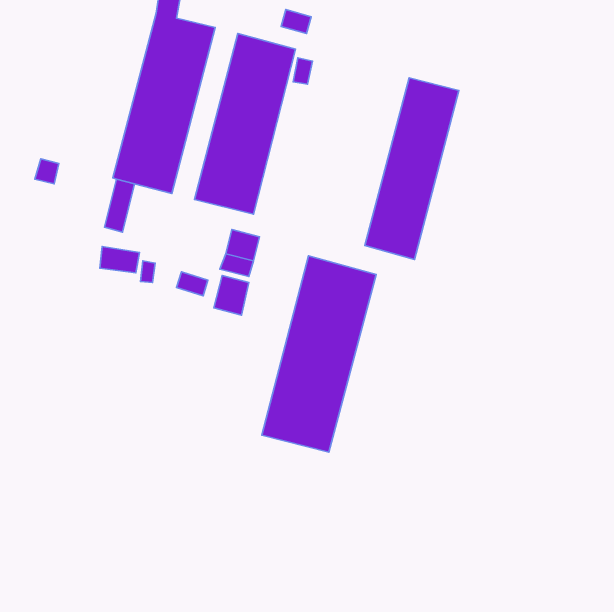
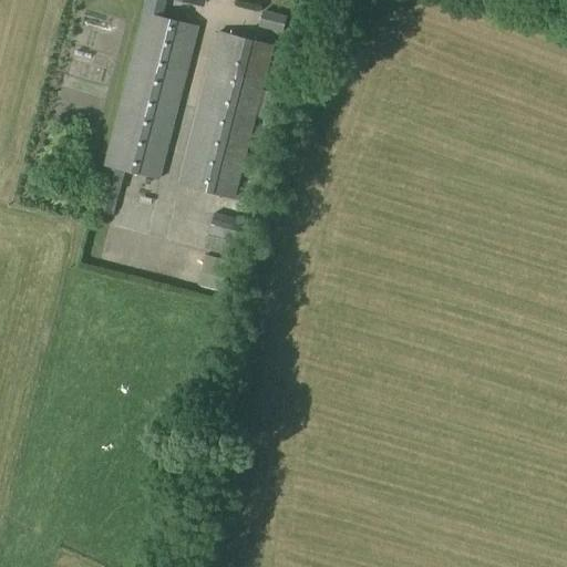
building: [365,78,459,259] -> none
building: [262,256,376,452] -> none

